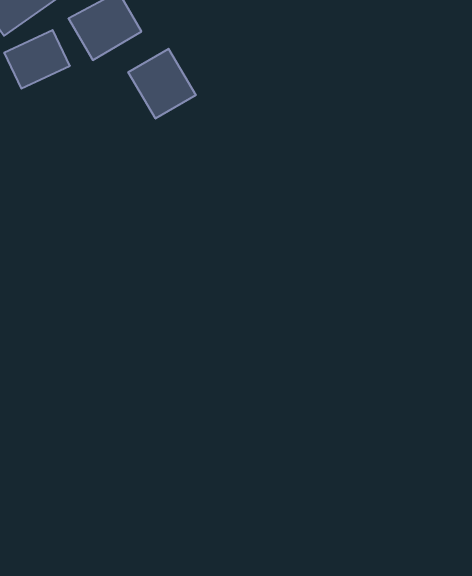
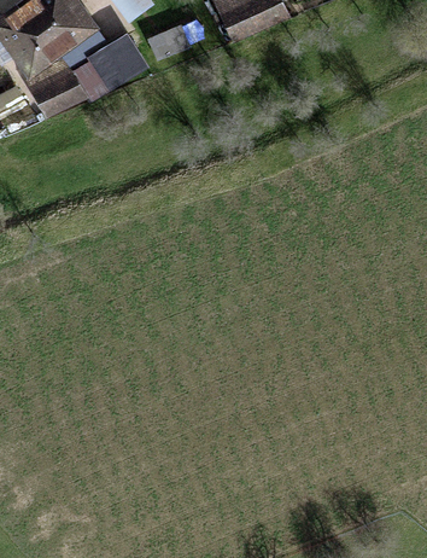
building: [128,49,196,119] -> none

